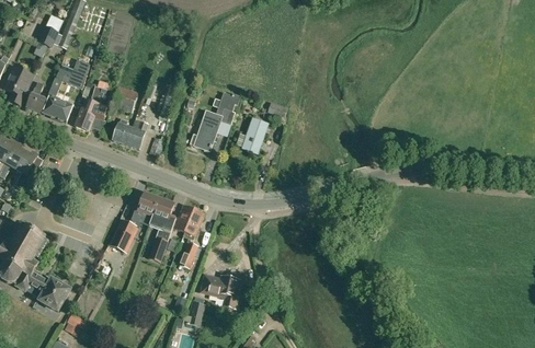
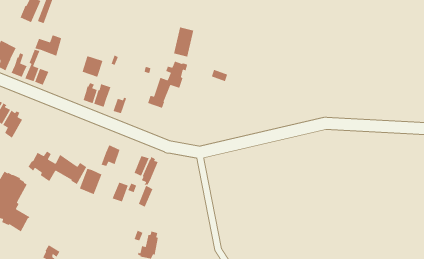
building: [76,85,110,130] -> none
building: [246,114,271,151] -> [173,27,194,58]
building: [149,198,178,233] -> none
building: none -> [27,150,88,185]
building: [202,274,240,308] -> none
building: [38,278,69,311] -> none

